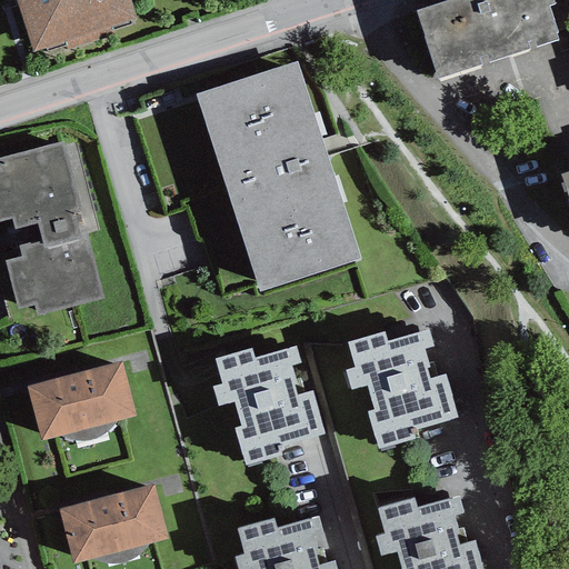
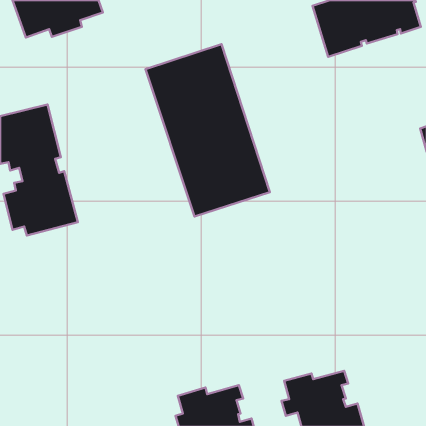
building: [345,328,458,448] -> none
building: [212,345,326,465] -> none
building: [26,361,136,440] -> none
building: [58,483,168,562] -> none

